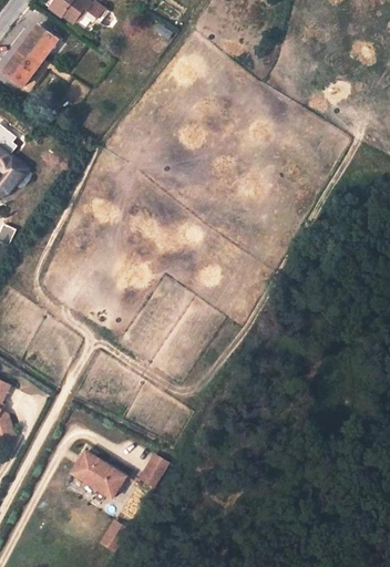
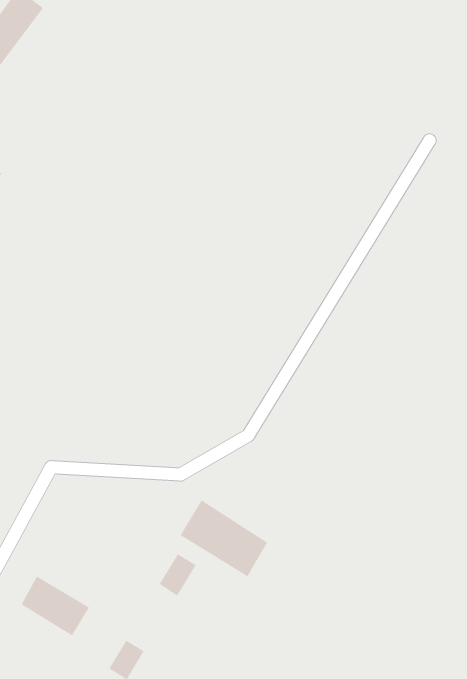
building: none -> [180,499,268,577]
building: [79,456,132,503] -> [21,576,90,636]

